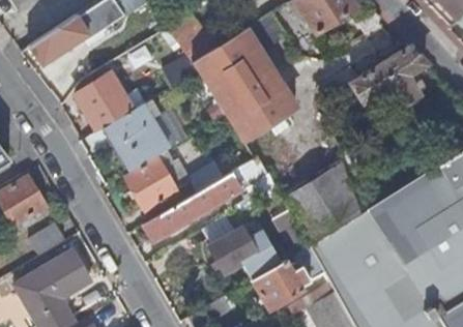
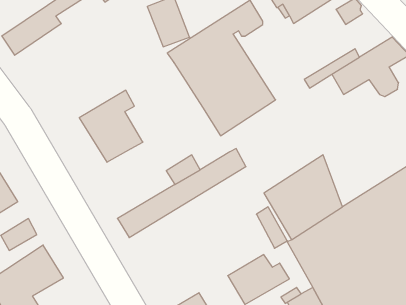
building: [76,70,134,130] -> none
building: [124,155,177,211] -> none
building: [208,226,261,272] -> none

